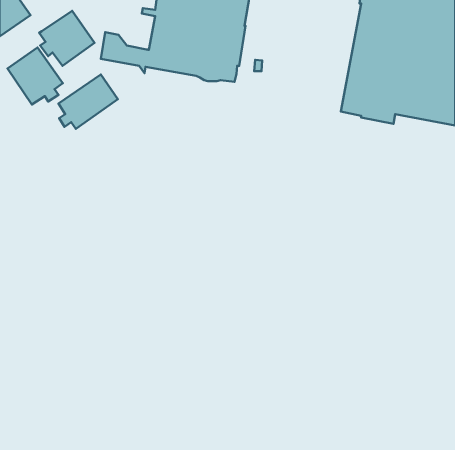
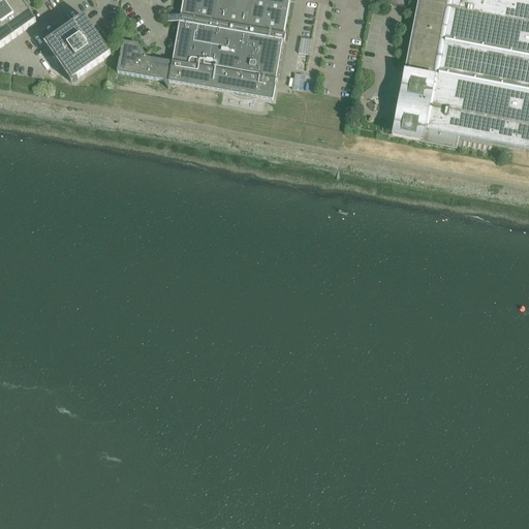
building: [7,48,63,105] -> none
building: [58,75,118,129] -> none

